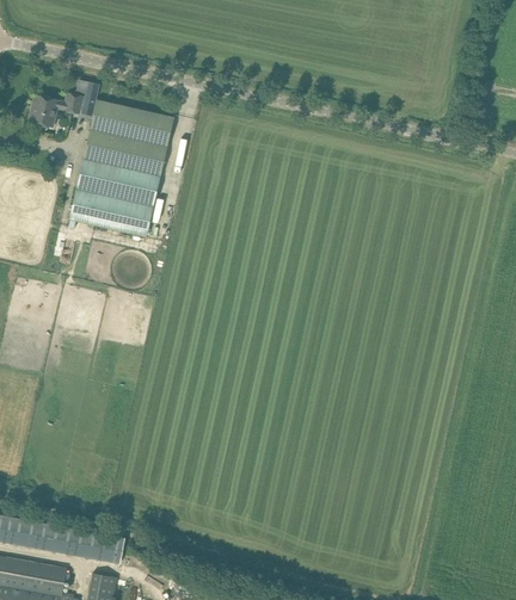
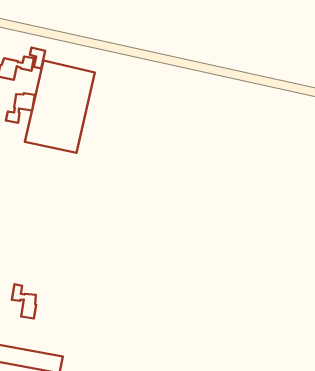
building: none -> [6,93,35,123]
building: none -> [12,284,36,319]

